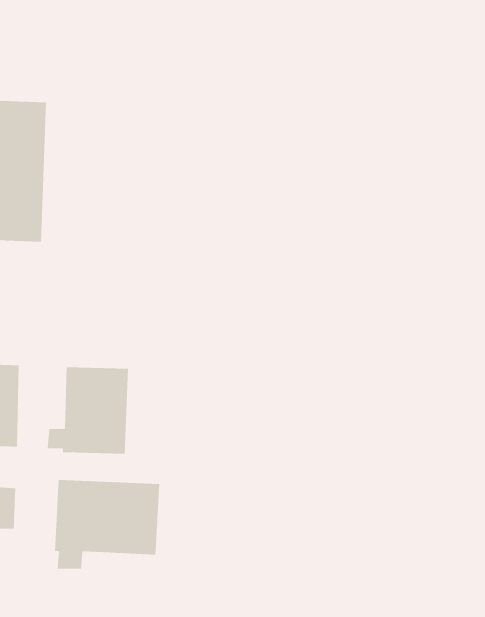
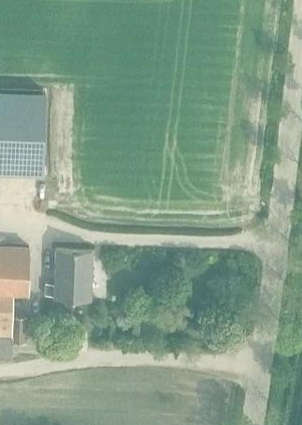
building: [54,479,160,569] -> none

